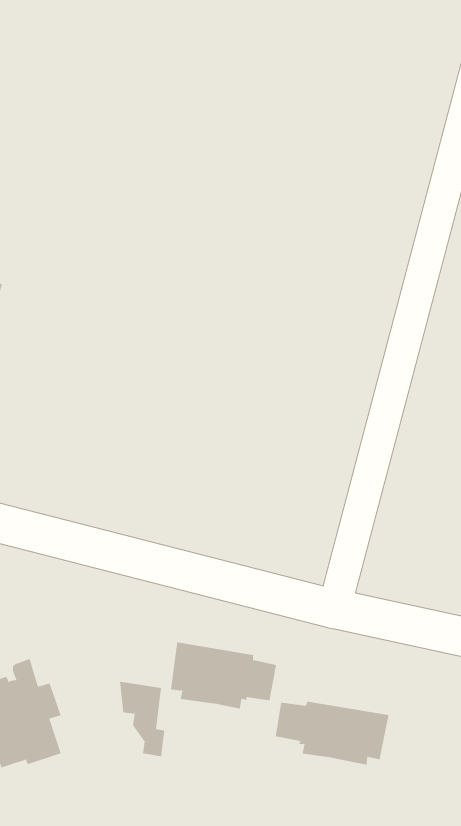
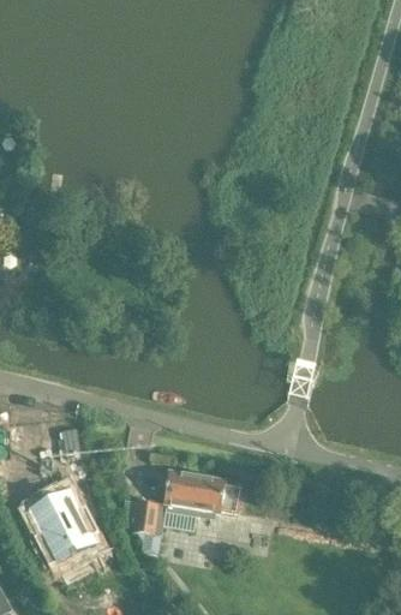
building: [275,701,389,766] -> none

